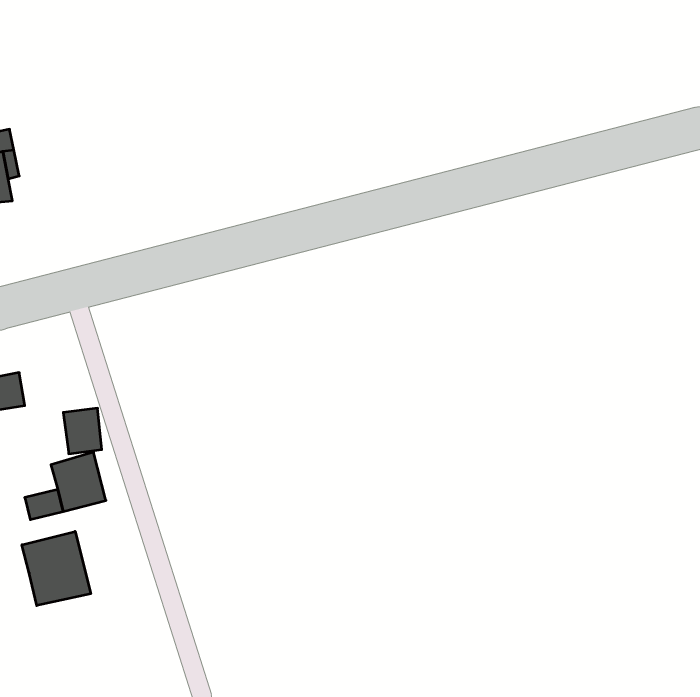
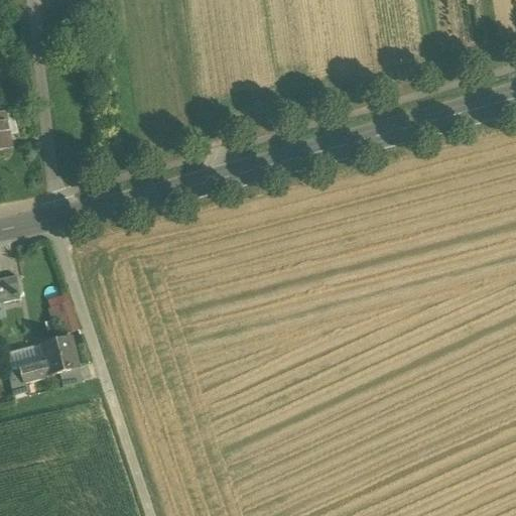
building: [22,531,91,606] -> none

